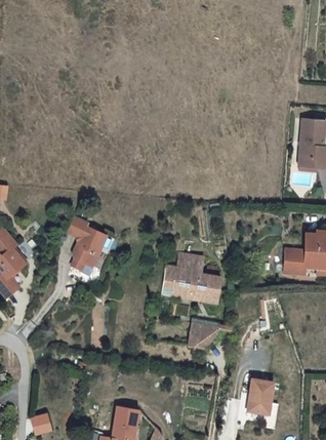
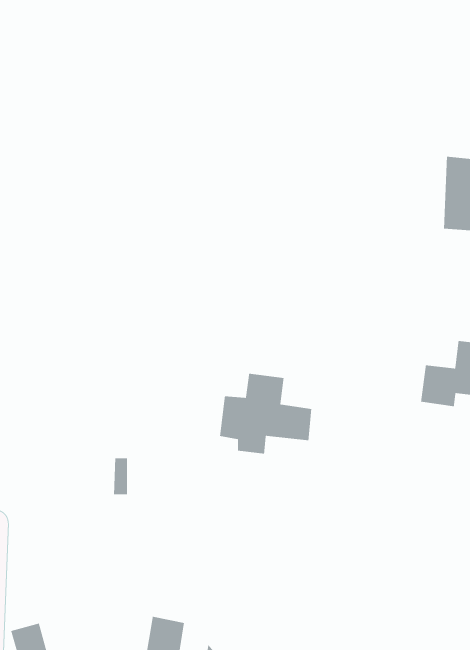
building: [66,215,106,267] -> none
building: [187,324,216,351] -> none
building: [249,377,277,414] -> none

